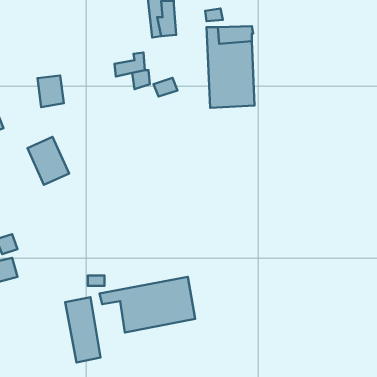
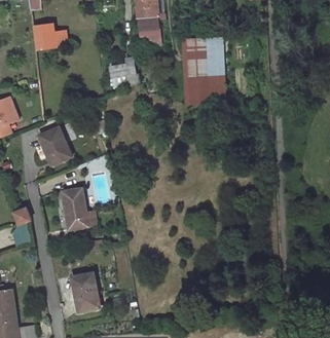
building: [37,75,64,107] -> [34,24,56,49]
building: none -> [61,185,87,226]
building: [100,277,195,332] -> none

